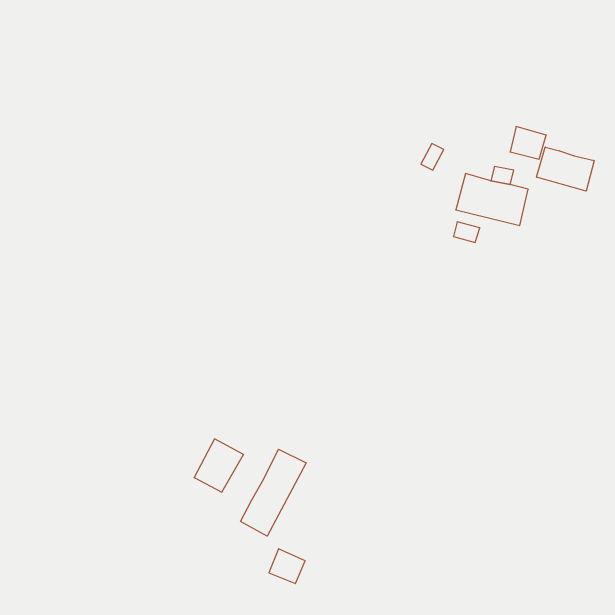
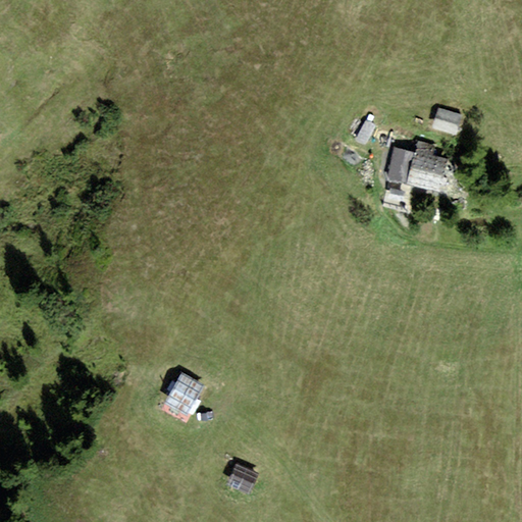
building: [537,147,594,191] -> none
building: [241,449,306,536] -> none

